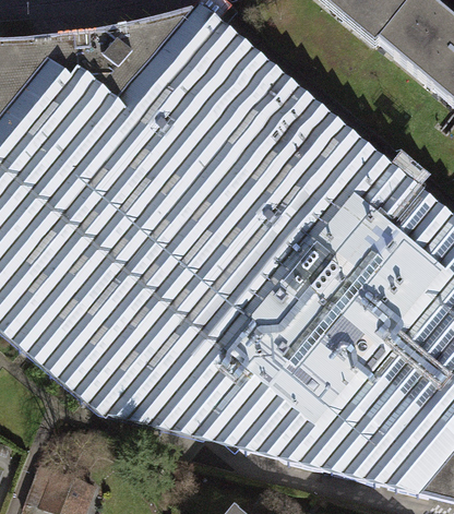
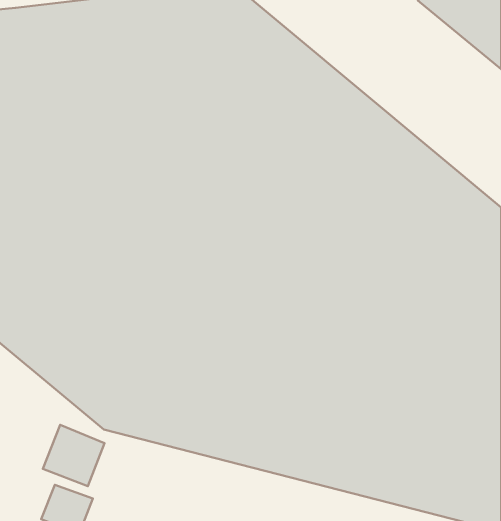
building: none -> [43,425,104,486]

